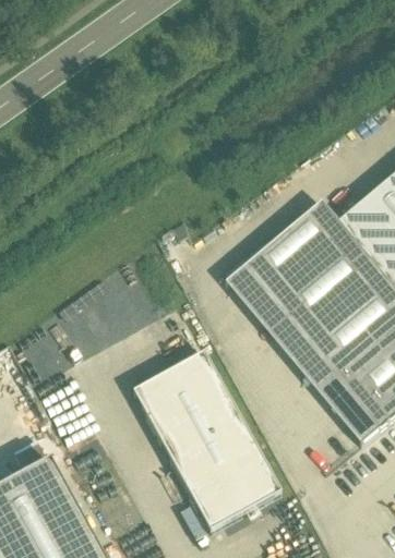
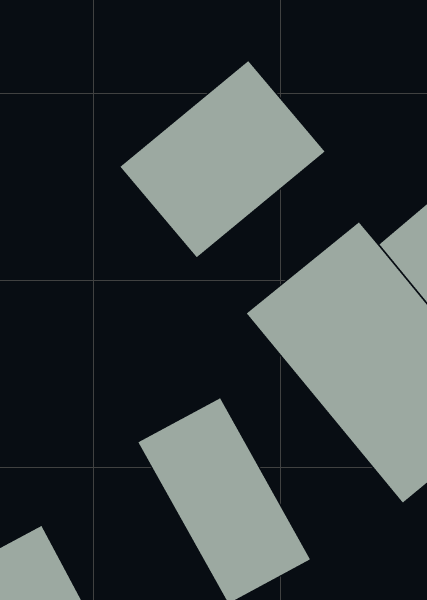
building: none -> [120,60,326,258]

